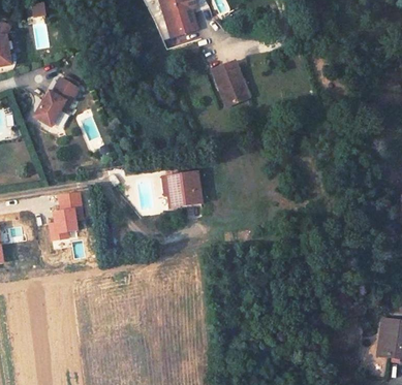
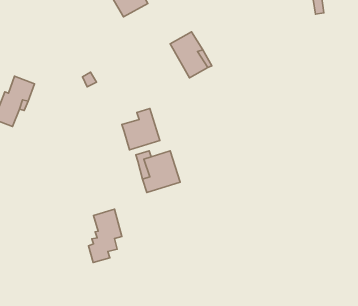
building: none -> [122,108,160,150]
building: [50,192,83,239] -> [88,209,122,263]

